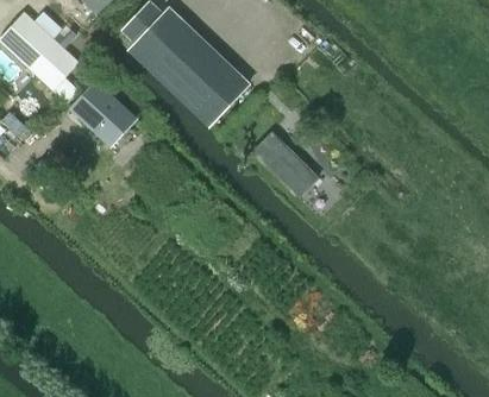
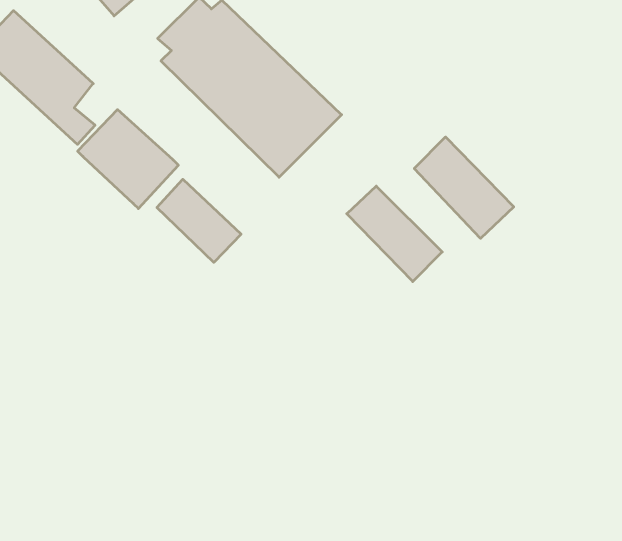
building: none -> [414,137,514,238]
building: none -> [157,179,241,262]

